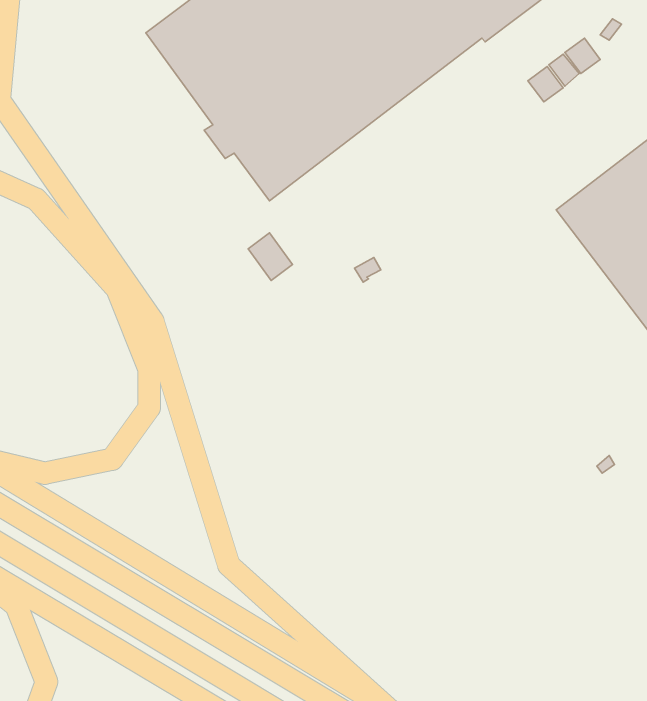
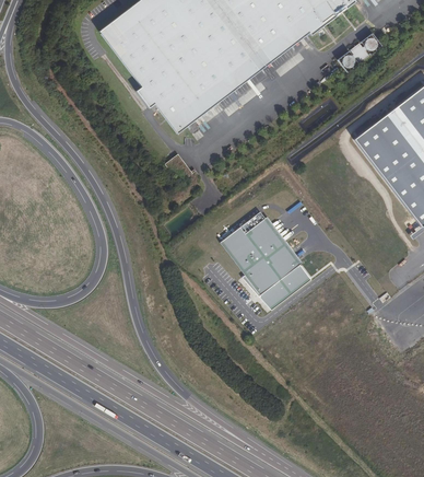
building: none -> [220,209,310,307]

